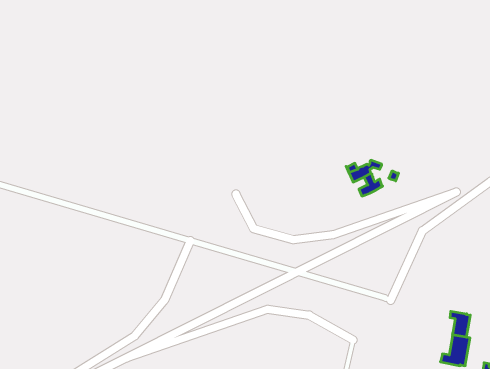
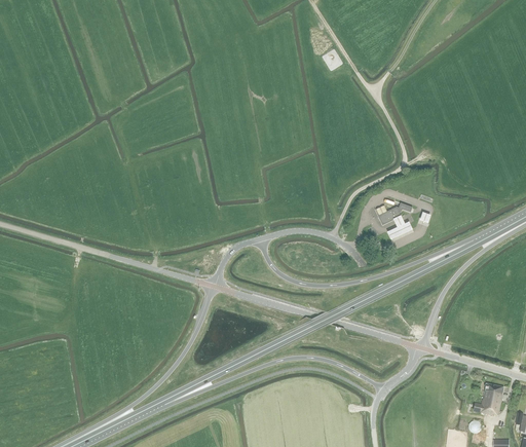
building: [450,311,470,337] -> none

